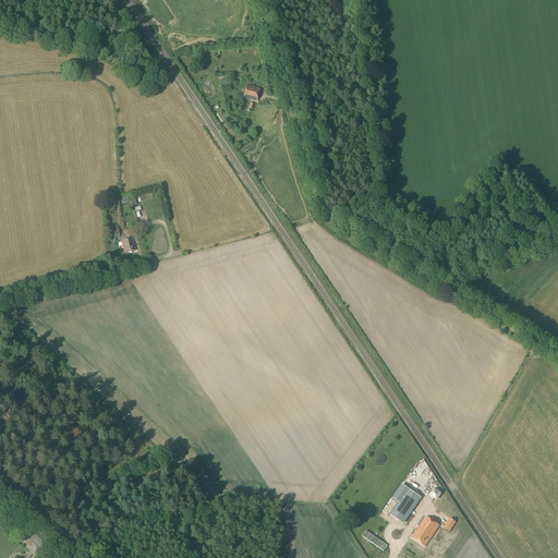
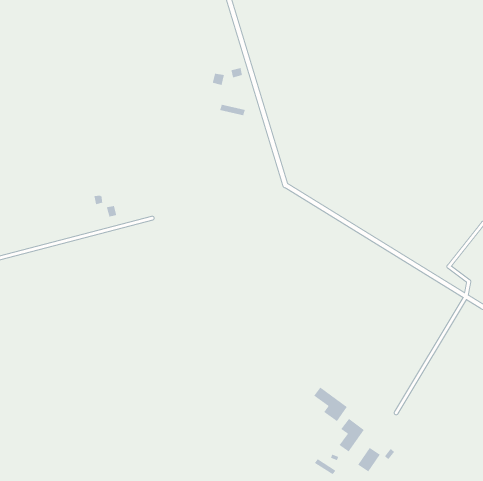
building: none -> [313,386,348,422]

